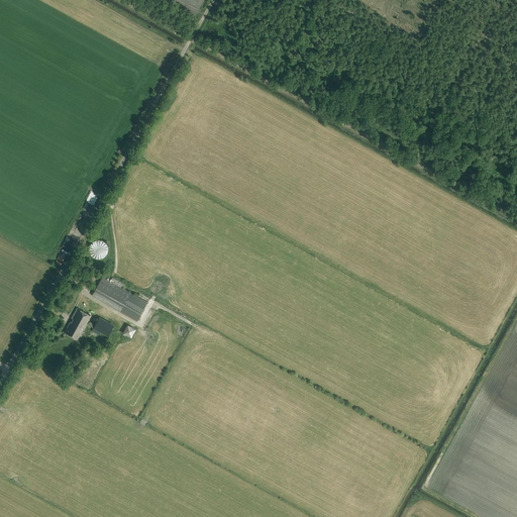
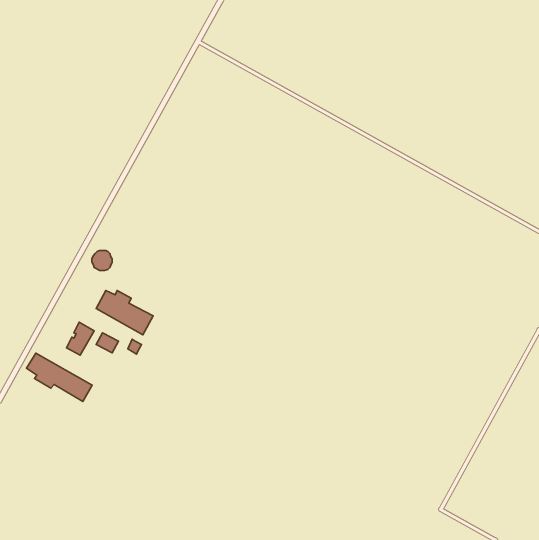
building: none -> [26,353,92,401]

